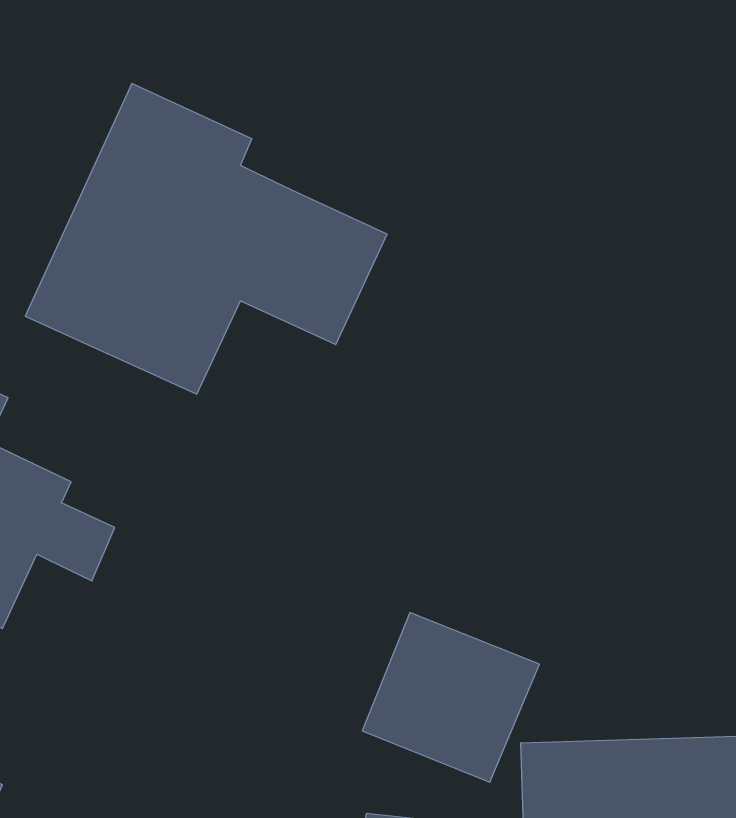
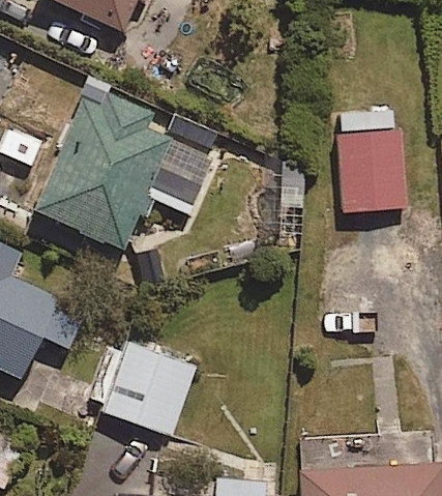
building: none -> [340,113,404,211]
building: [362,613,539,782] -> [100,344,197,436]

